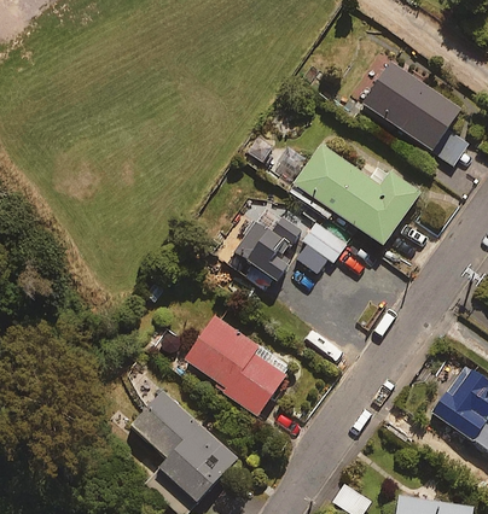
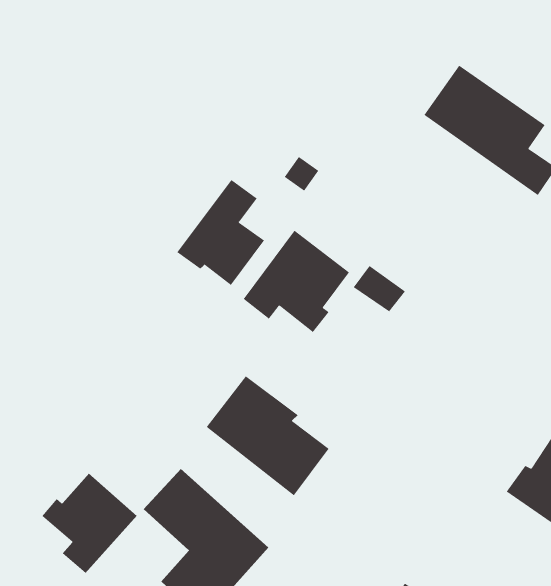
building: [290,144,419,244] -> none
building: none -> [177,179,265,286]
building: none -> [42,473,138,574]

